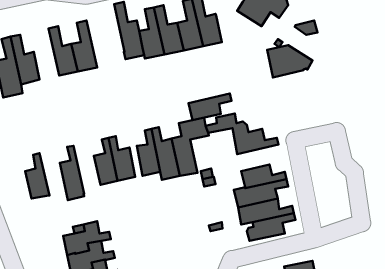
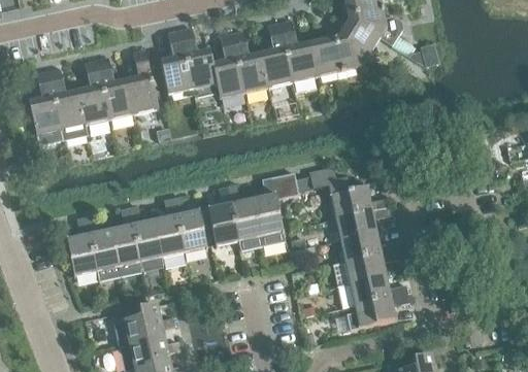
building: none -> [161,28,193,94]
building: none -> [77,59,109,124]
building: [267,45,312,77] -> [309,36,367,77]
building: [188,93,231,120] -> [336,206,391,240]
building: none -> [128,205,163,272]
building: none -> [85,215,121,281]

